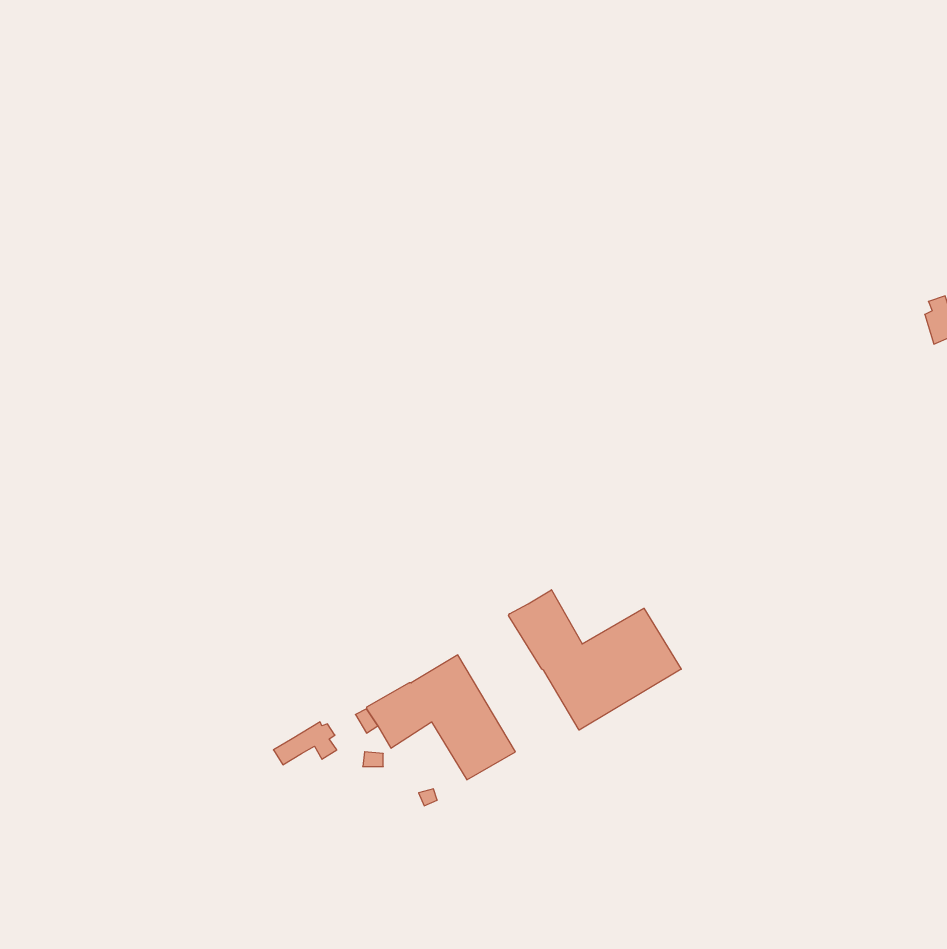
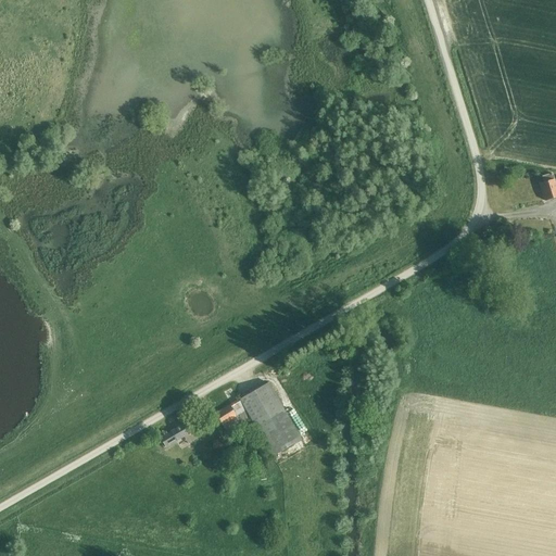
building: [509,590,681,730] -> none

